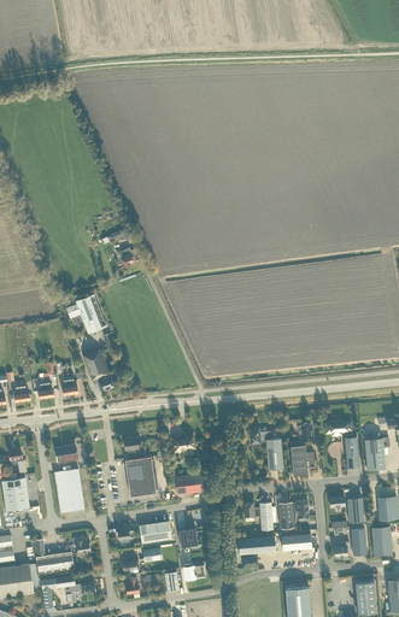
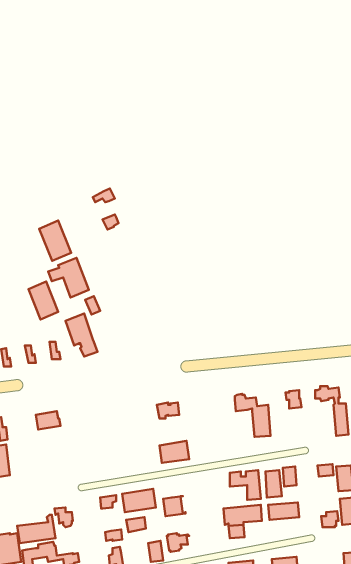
building: none -> [39,220,71,261]
building: none -> [29,281,58,319]
building: [123,436,154,495] -> none
building: [289,445,312,475] -> none
building: [53,465,83,512] -> none

